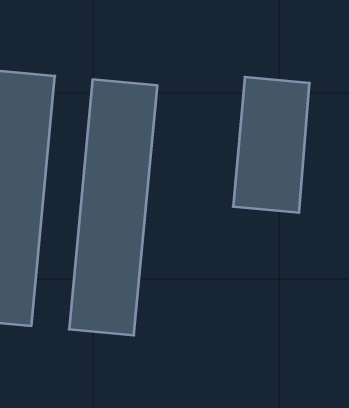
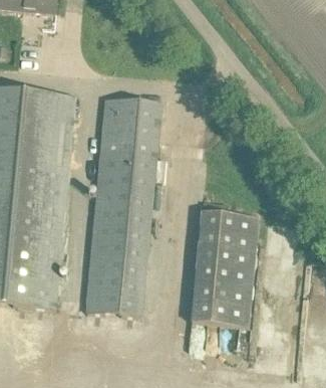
building: [233,77,310,213] -> [192,211,257,327]

